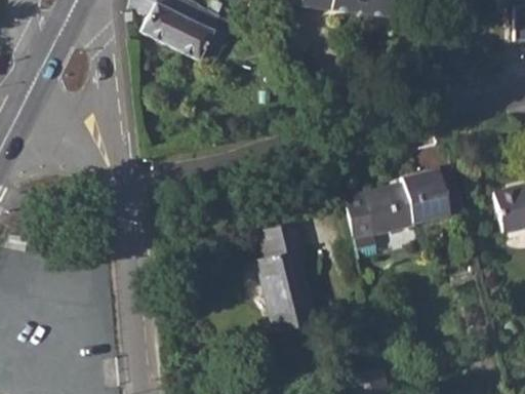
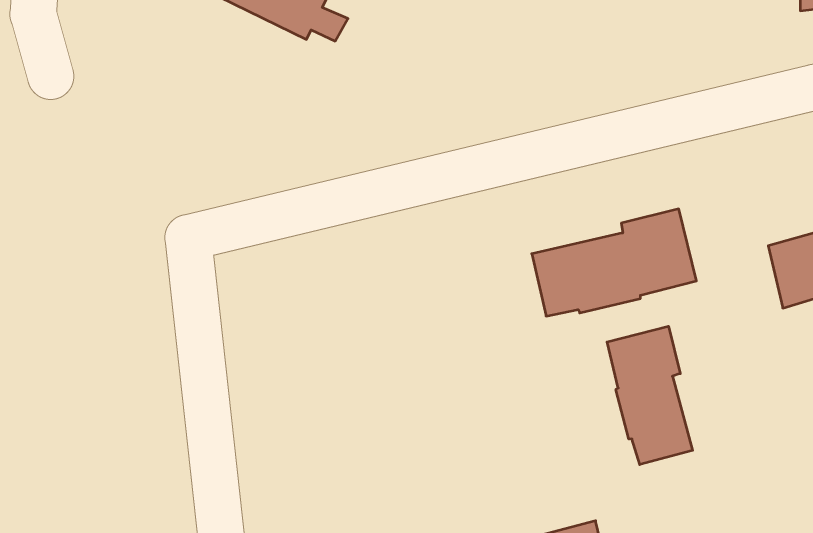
building: [255,223,314,333] -> none
building: none -> [607,326,693,465]

